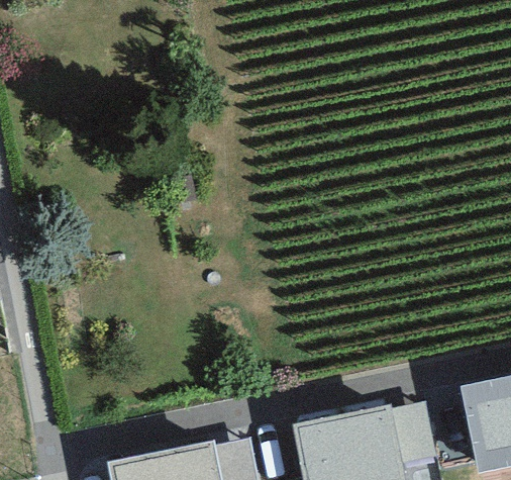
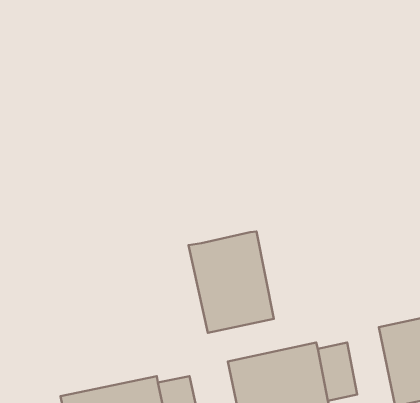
building: none -> [188,232,274,333]

